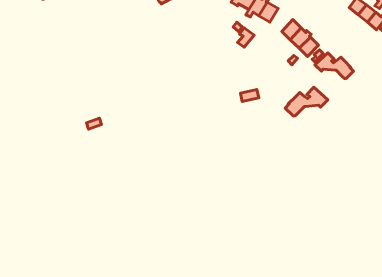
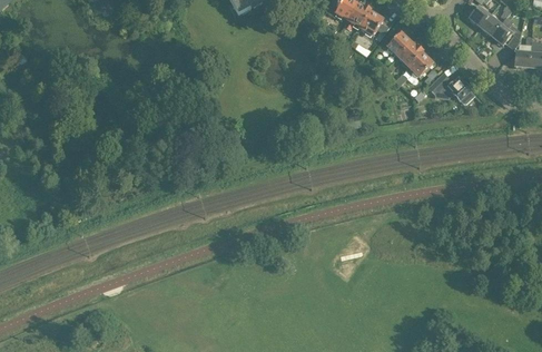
building: [285,87,328,116] -> none

